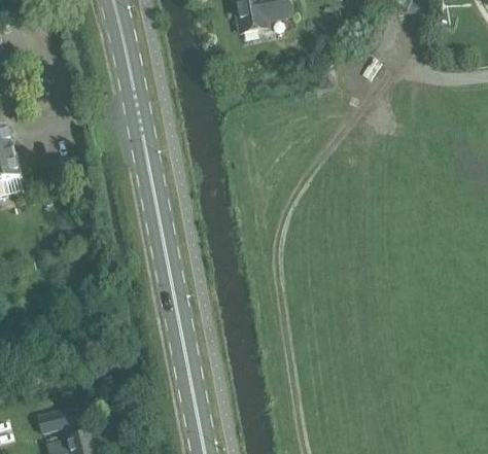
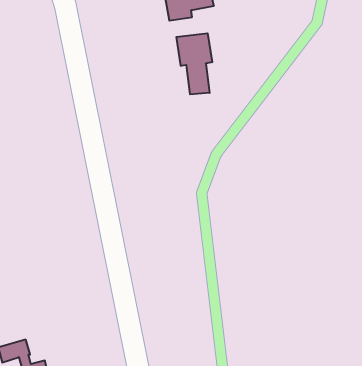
building: none -> [176,33,212,94]

